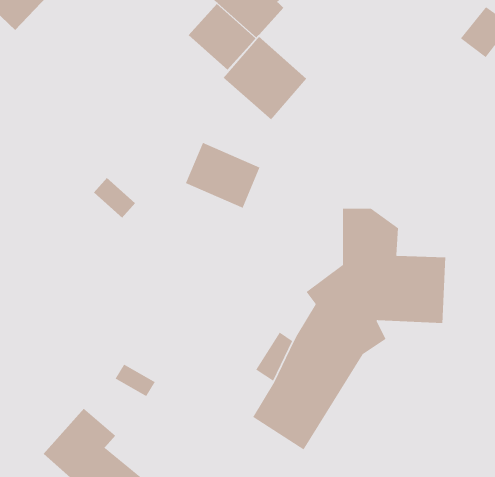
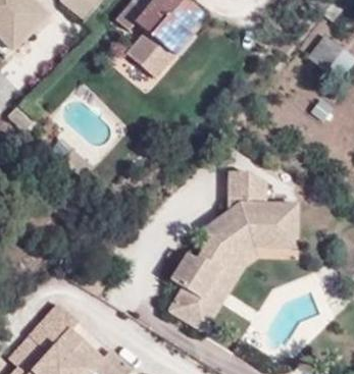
building: [223,36,307,120] -> none
building: [185,142,261,209] -> none

